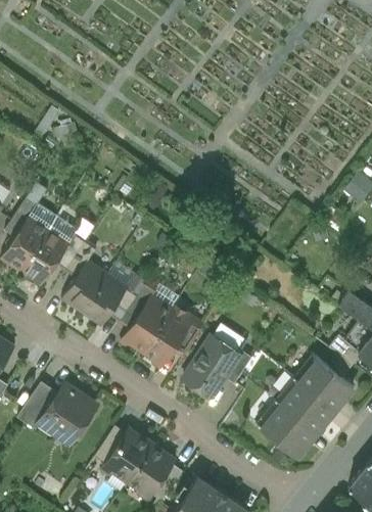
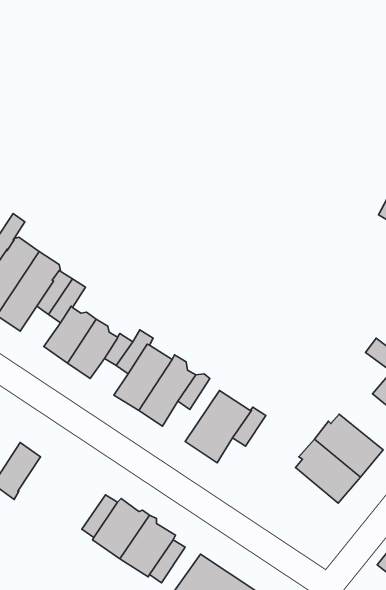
building: [40,386,96,445] -> none
building: [260,402,316,458] -> none

